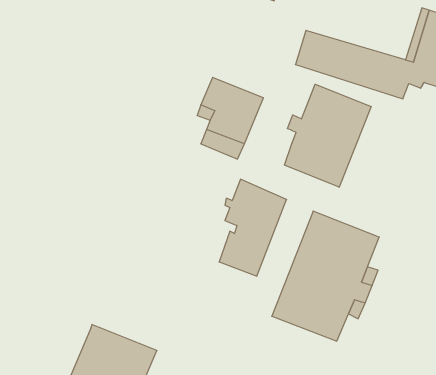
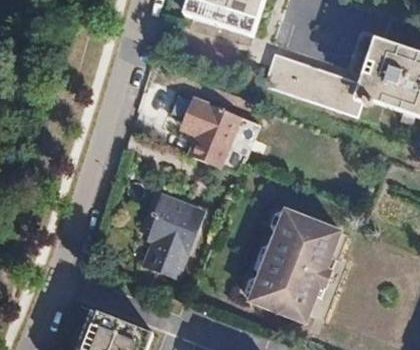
building: [284,84,371,187] -> none
building: [219,179,287,276] -> [144,191,201,273]

